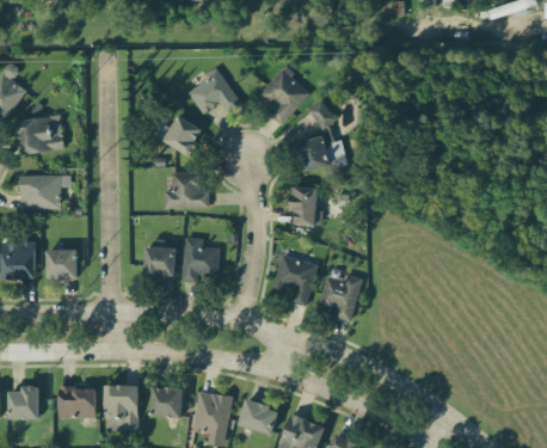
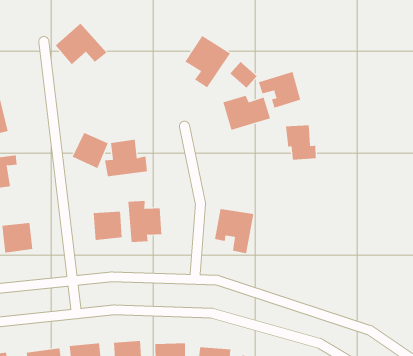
building: [188,70,242,115] -> [55,23,107,65]
building: [164,116,204,157] -> [72,132,108,169]
building: none -> [258,71,301,108]
building: [291,188,322,226] -> [285,125,317,160]
building: [318,275,362,321] -> none

